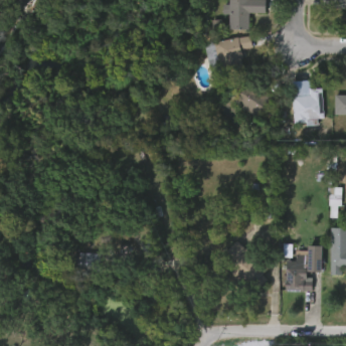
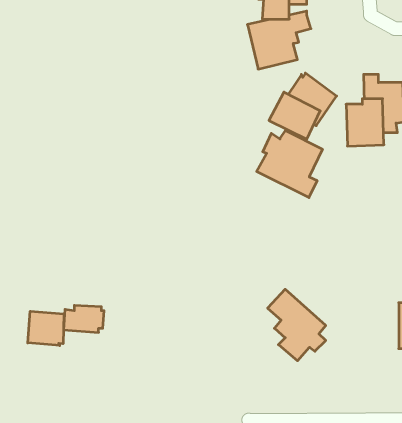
building: none -> [257,130,322,198]
building: [289,246,315,288] -> none
building: none -> [28,311,64,346]

